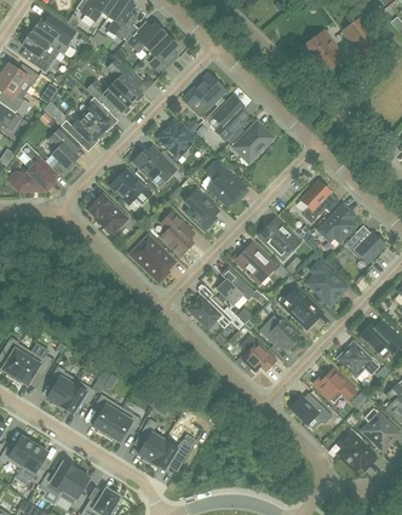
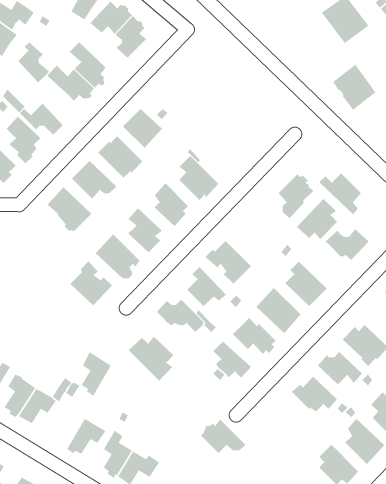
building: [303,29,344,73] -> [332,64,376,111]
building: [183,73,225,107] -> none
building: [82,97,113,136] -> [17,42,50,83]
building: [209,97,245,139] -> none
building: [231,120,274,164] -> none
building: none -> [318,173,362,216]
building: [258,218,299,259] -> none
building: none -> [70,261,113,306]
building: none -> [128,335,174,382]
building: [289,391,332,424] -> [200,419,246,454]
building: [92,394,121,436] -> [80,351,112,397]

